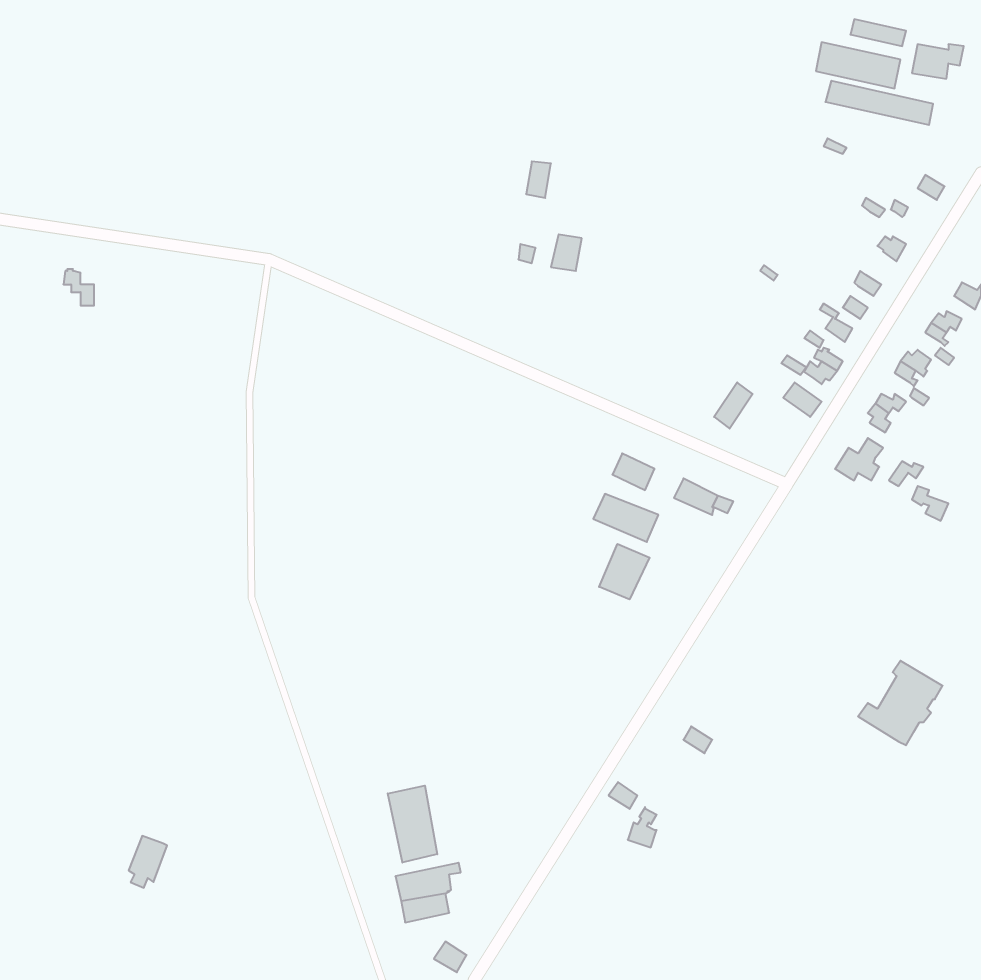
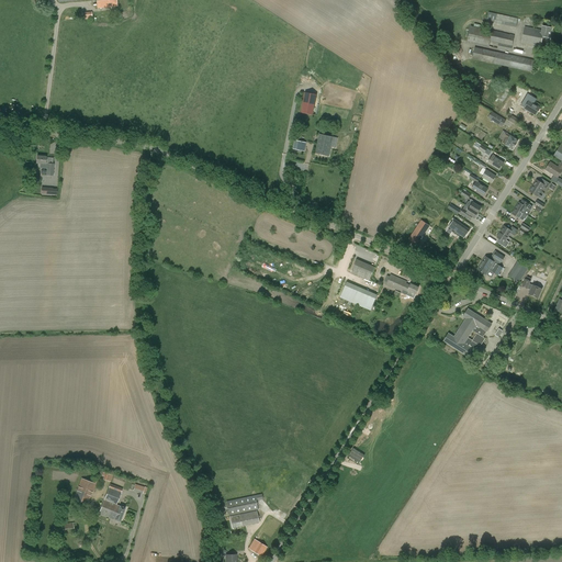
building: [599,544,650,599] -> none
building: [858,661,943,745] -> [443,308,492,357]
building: [388,786,437,863] -> none
building: none -> [99,483,125,520]

